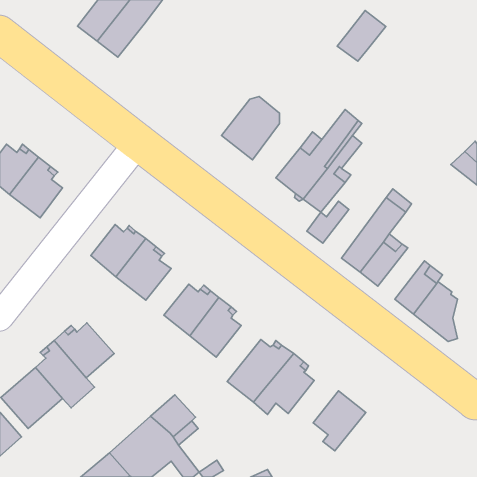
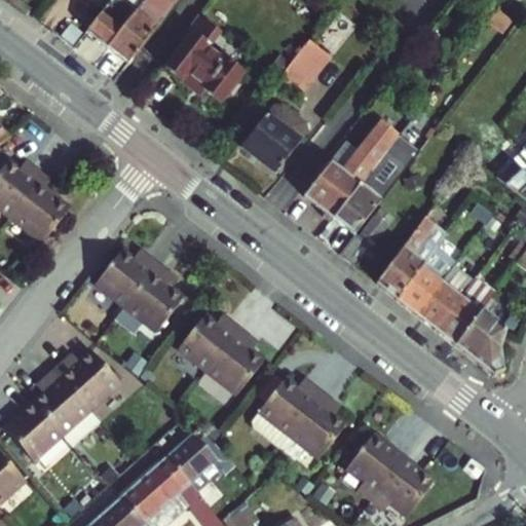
building: [337,11,386,61] -> [279,39,333,95]
building: none -> [166,14,243,100]
building: none -> [415,269,467,329]
building: none -> [368,453,433,513]

